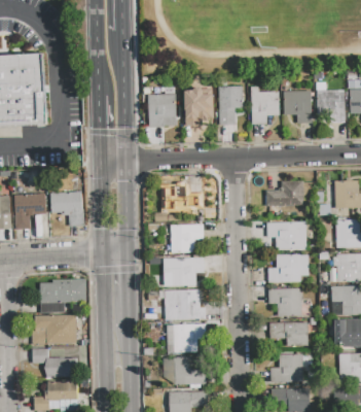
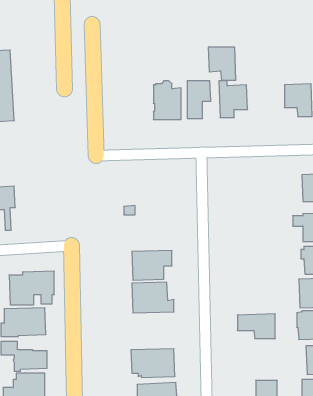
building: [284,91,312,124] -> [208,47,236,80]
building: [148,94,176,127] -> none
building: [265,180,303,206] -> none
building: [165,183,202,208] -> none
building: [50,192,83,227] -> none
building: [266,221,306,250] -> none
building: [171,224,203,254] -> none
building: [267,254,309,283] -> none
building: [268,287,302,318] -> none
building: [166,323,203,355] -> none
building: [270,353,303,382] -> none

